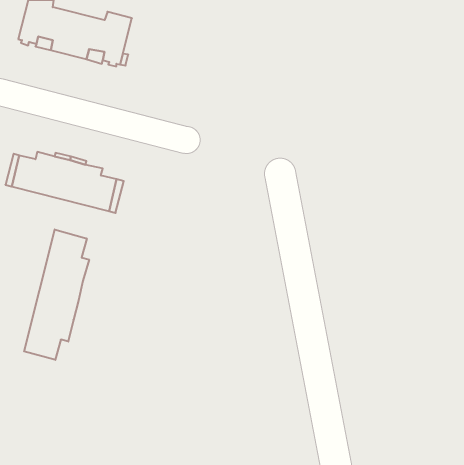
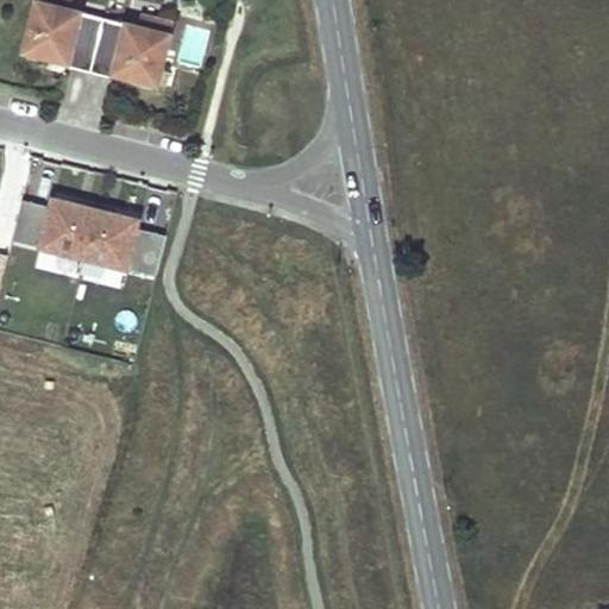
building: [24,229,89,360] -> none

